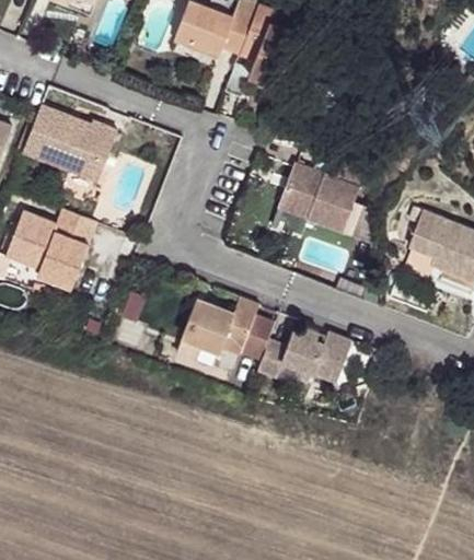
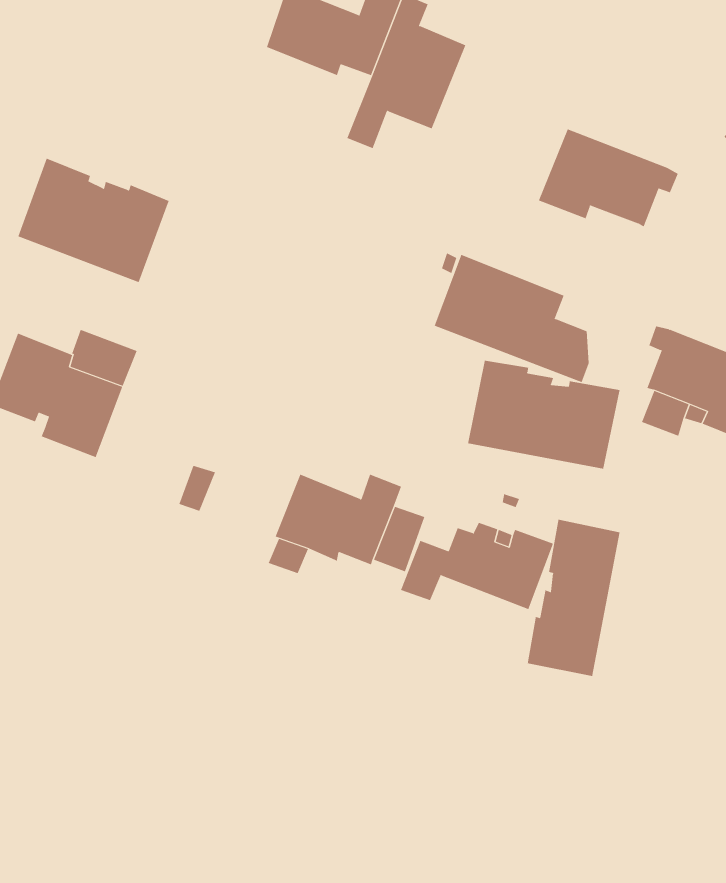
building: none -> [538,129,678,227]
building: none -> [468,360,620,469]
building: none -> [527,519,620,677]

